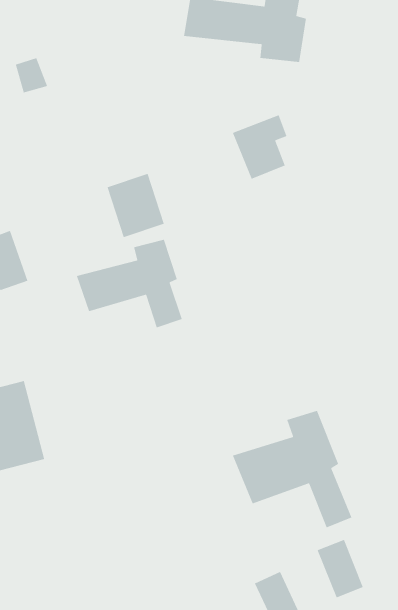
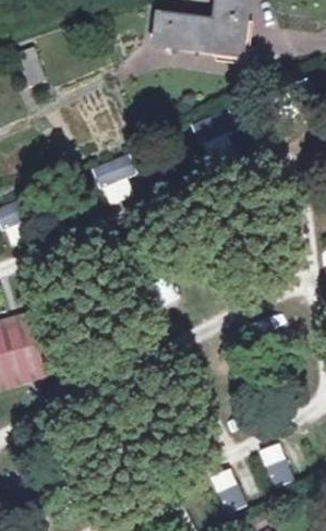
building: [76,239,183,328] -> none
building: [232,410,352,528] -> none

